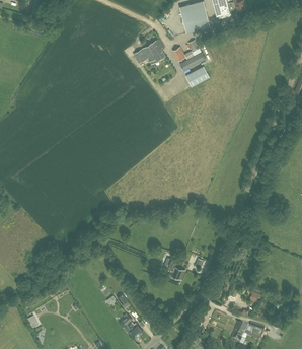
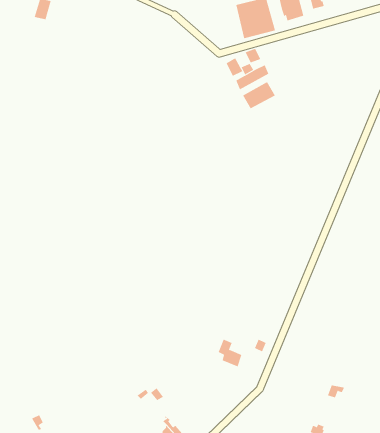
building: [133,38,164,64] -> none

